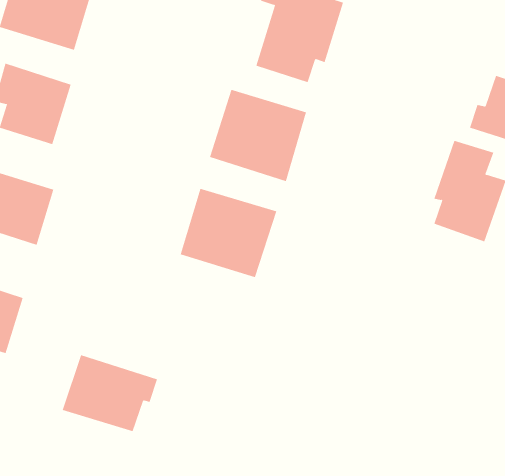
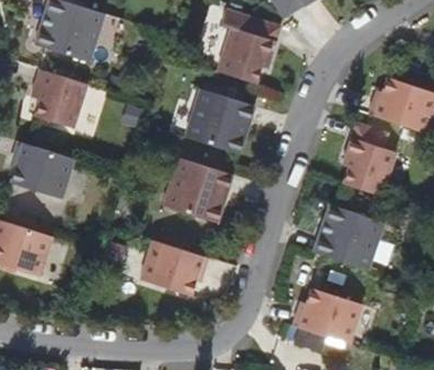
building: none -> [314,204,384,269]
building: [62,355,158,432] -> [139,240,208,295]
building: none -> [294,288,362,343]

